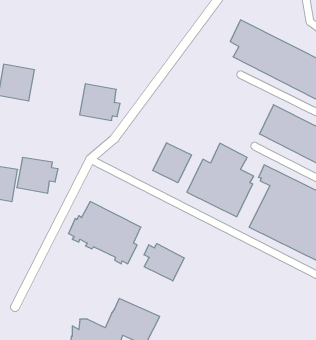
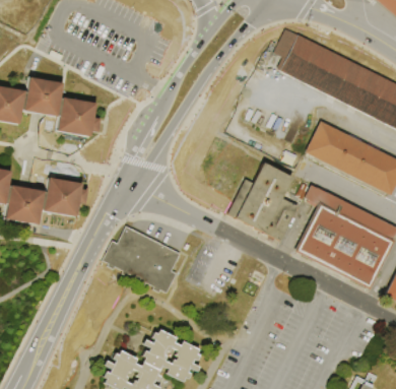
building: [80,84,120,120] -> [59,98,103,137]
building: [153,143,191,183] -> none
building: [144,244,184,281] -> none

